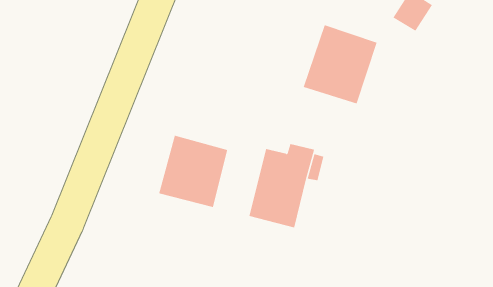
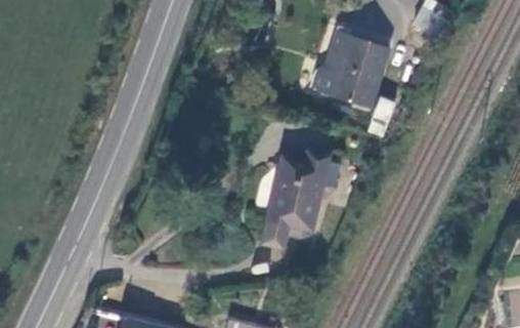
building: [158,135,228,208] -> none

